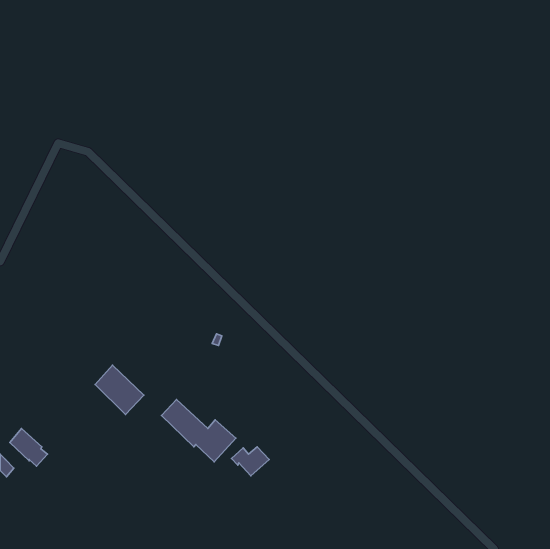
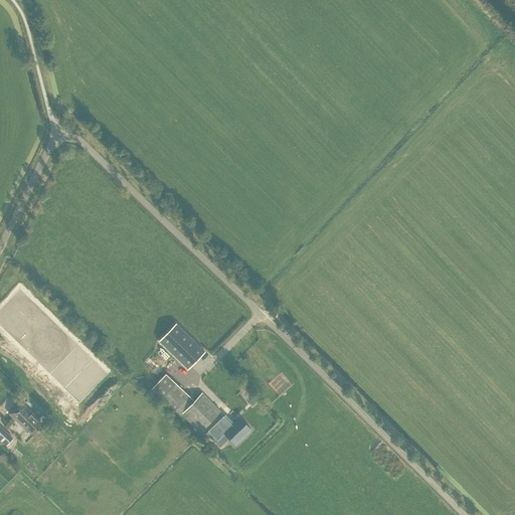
building: [95,365,144,415] -> [159,322,204,368]

